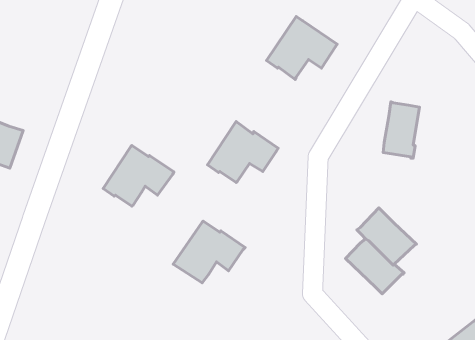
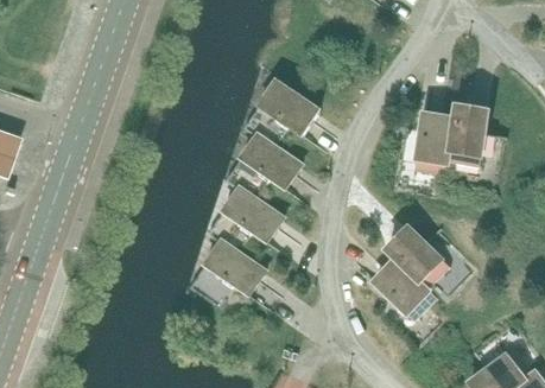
building: [266,16,337,79] -> [242,78,318,146]
building: none -> [445,104,487,165]
building: [103,145,174,206] -> [207,186,283,252]

